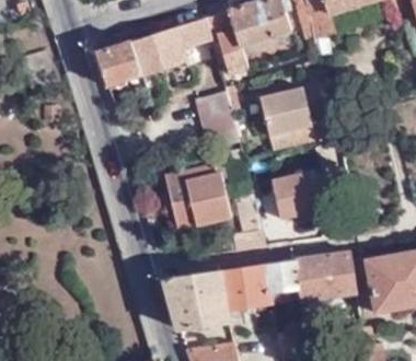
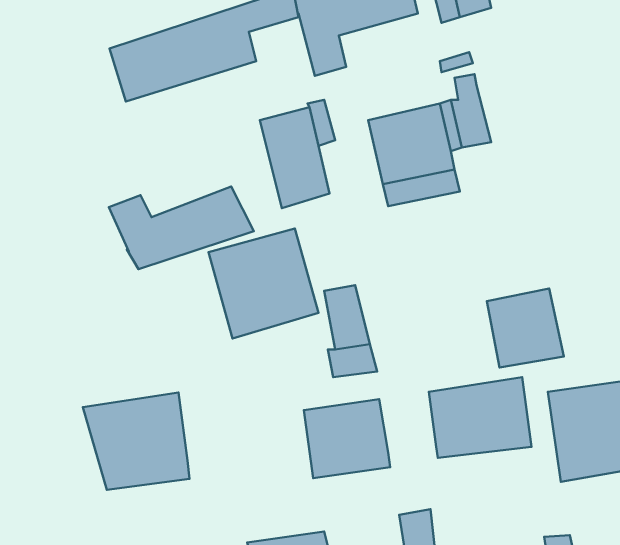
building: none -> [109,187,254,269]
building: [271,171,317,218] -> [487,288,564,367]
building: [266,259,300,295] -> none
building: [164,270,228,328] -> [83,393,189,490]

